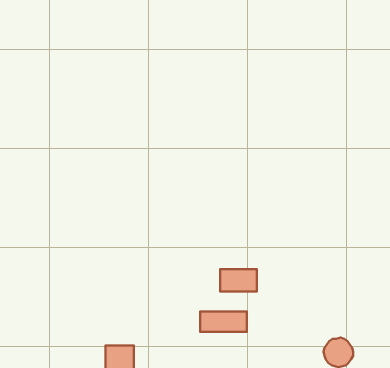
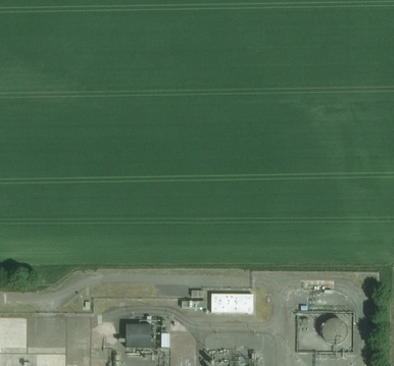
building: [220,269,257,291] -> none

